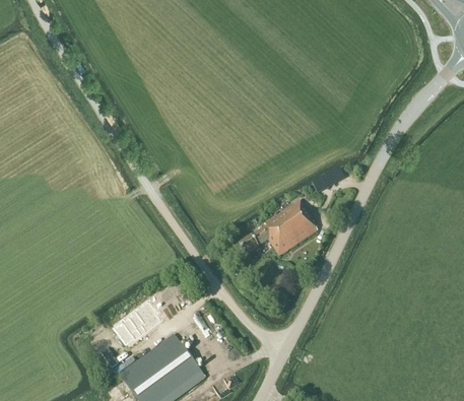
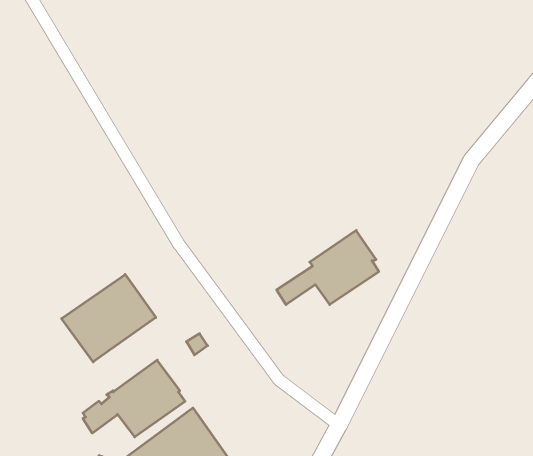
building: none -> [62,274,156,362]

